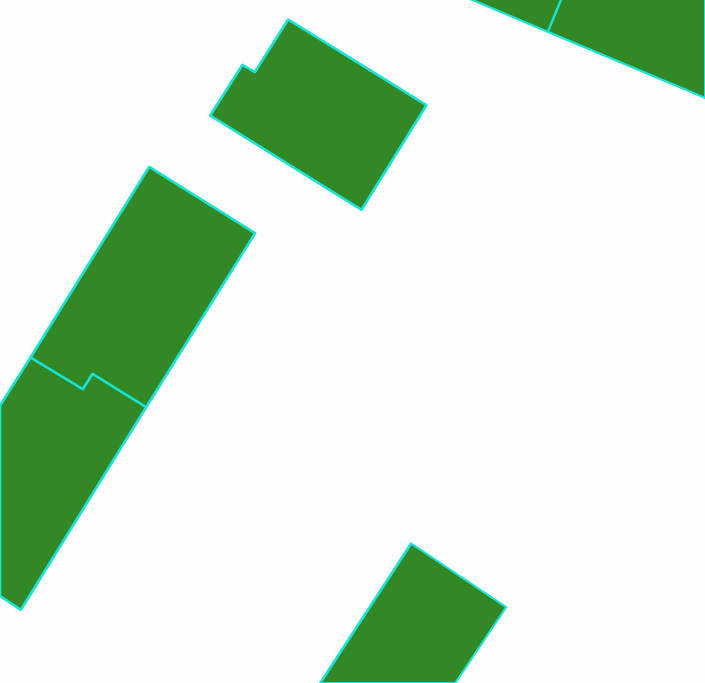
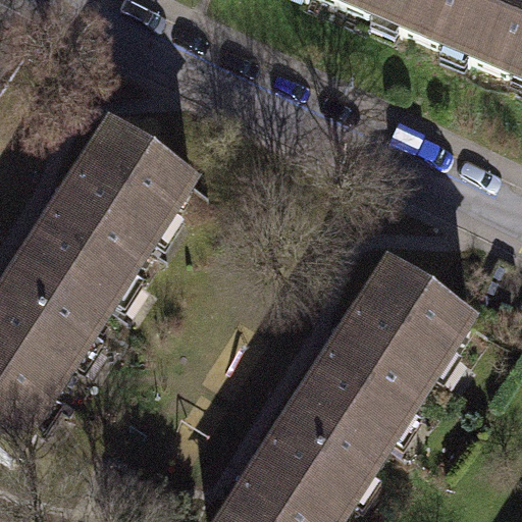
building: [210,19,427,210] -> none
building: none -> [304,259,467,449]

